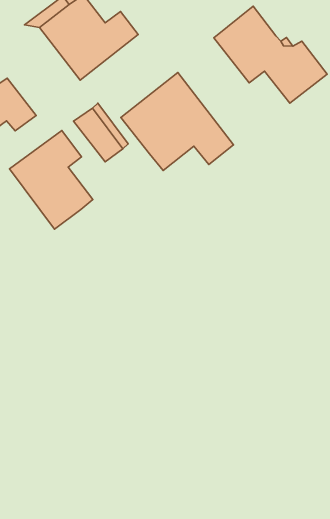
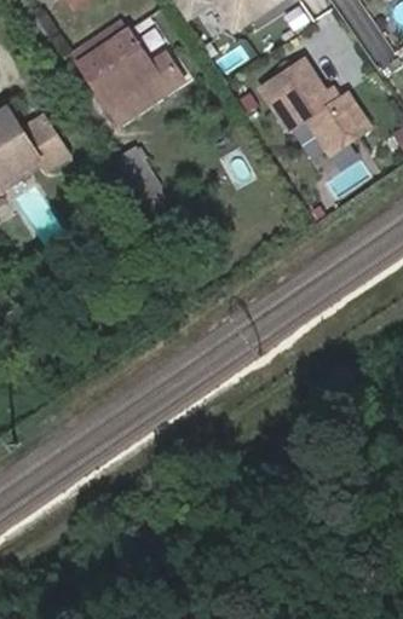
building: [121,73,234,170] -> none
building: [9,130,93,229] -> none

